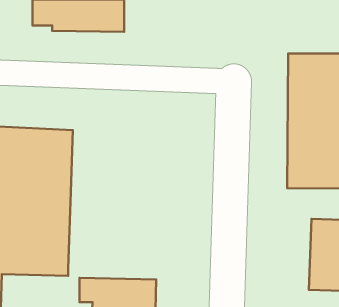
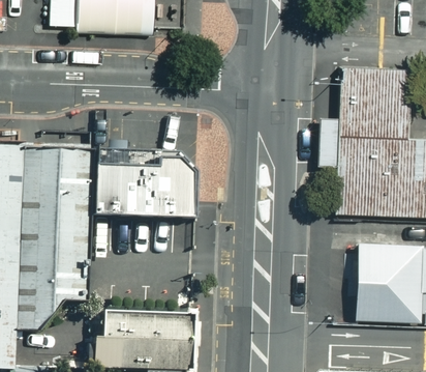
building: none -> [92,146,195,219]

